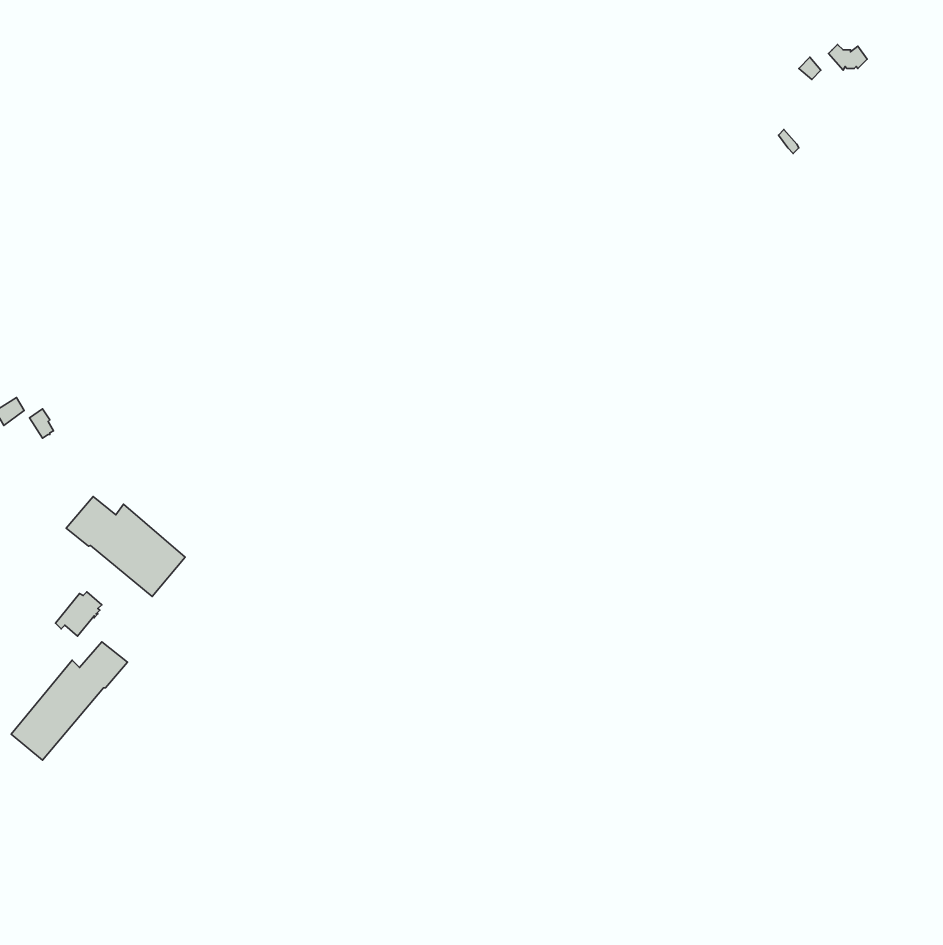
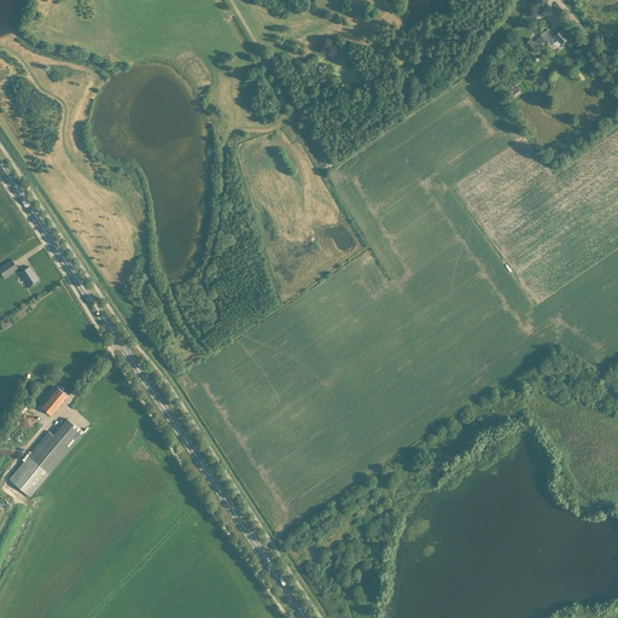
building: [66,496,185,597] -> none

